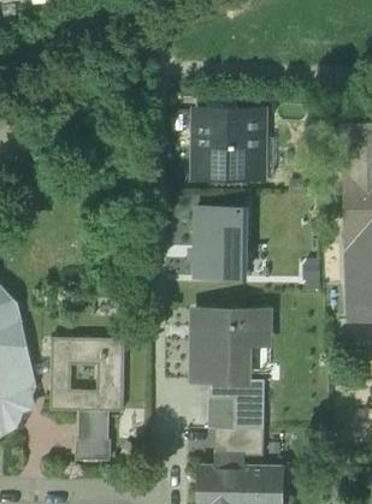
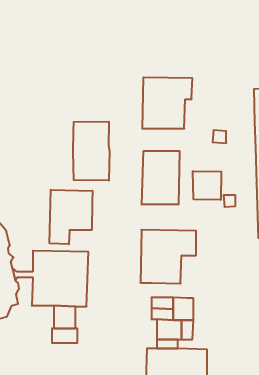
building: [252,136,273,177] -> none
building: none -> [73,122,109,181]
building: none -> [193,171,221,200]
building: none -> [50,190,92,244]
building: [208,380,258,401] -> none

